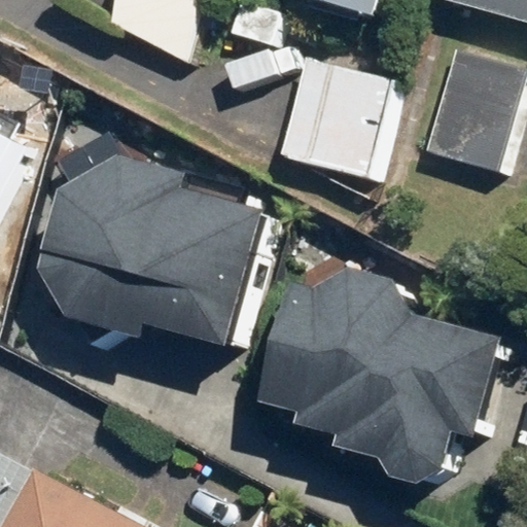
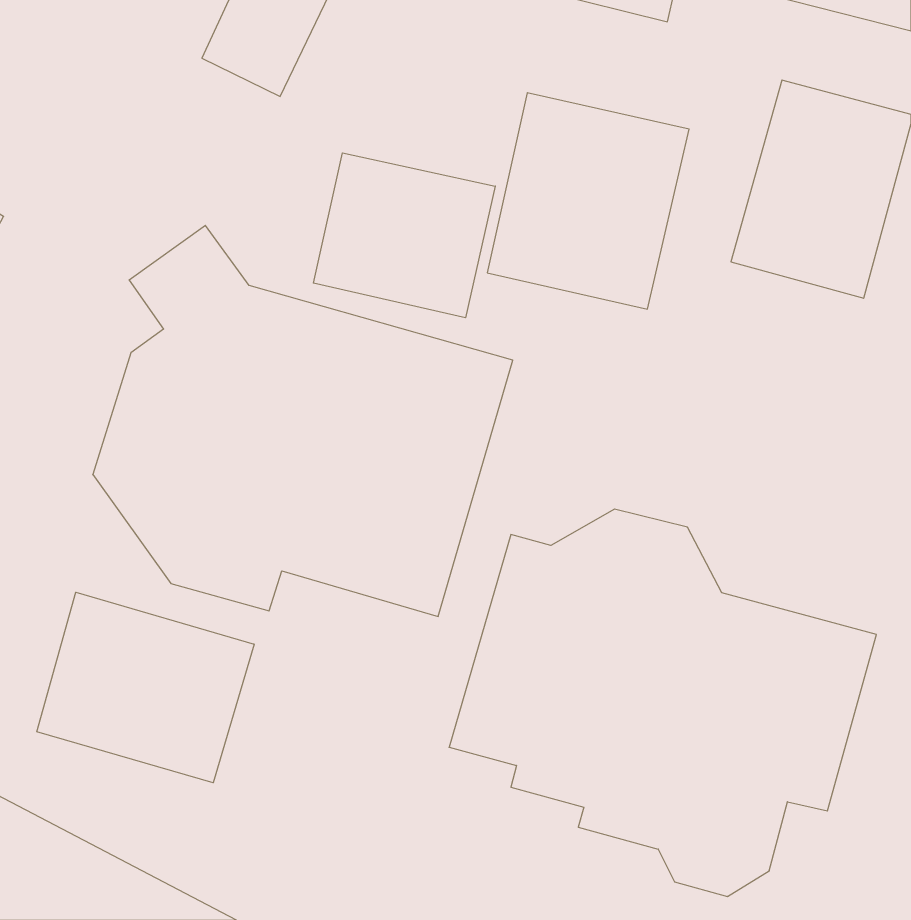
building: none -> [313,153,495,318]
building: none -> [37,592,254,783]

